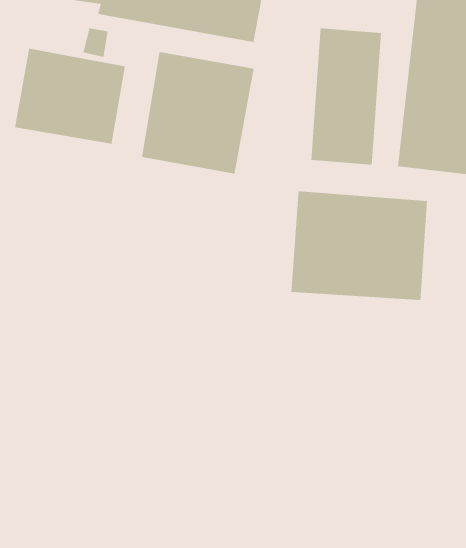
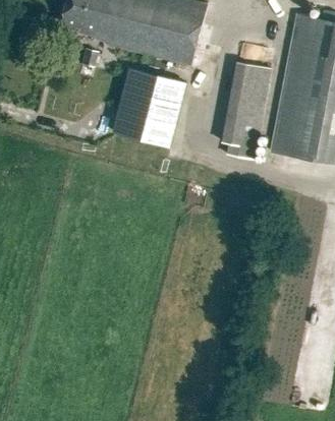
building: [15,48,125,145] -> none
building: [291,191,427,301] -> none

